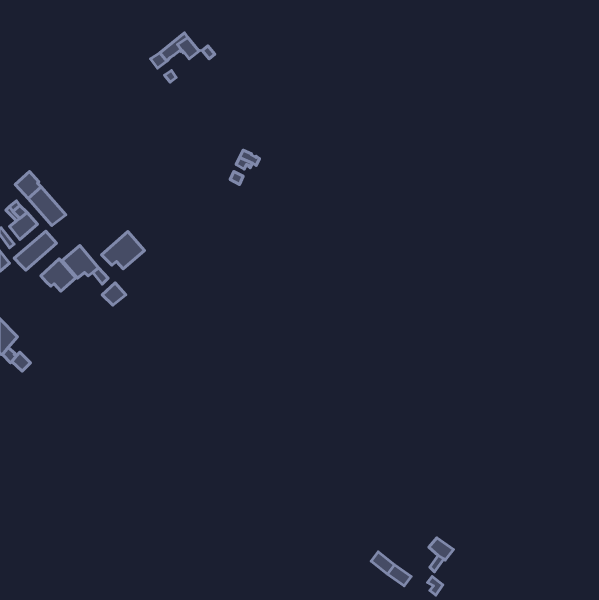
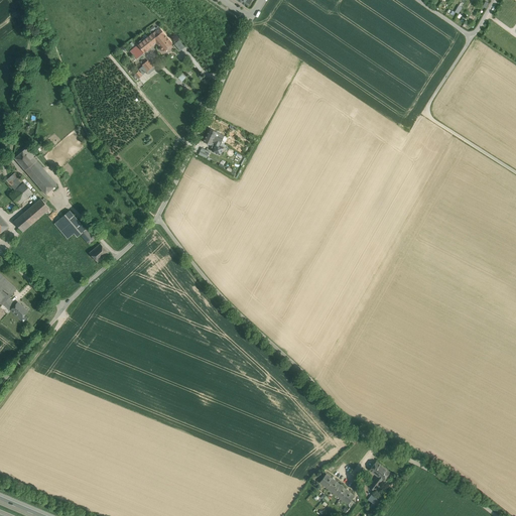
building: [102,231,144,269] -> none
building: [41,259,76,291] -> none

